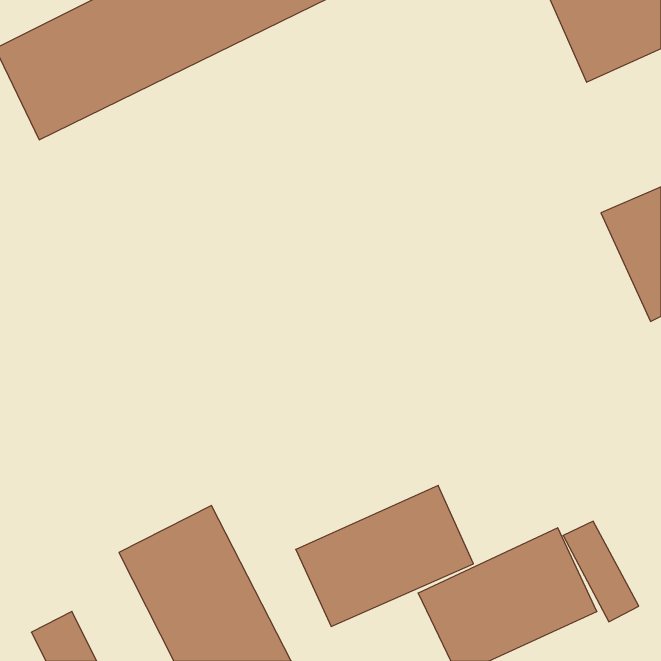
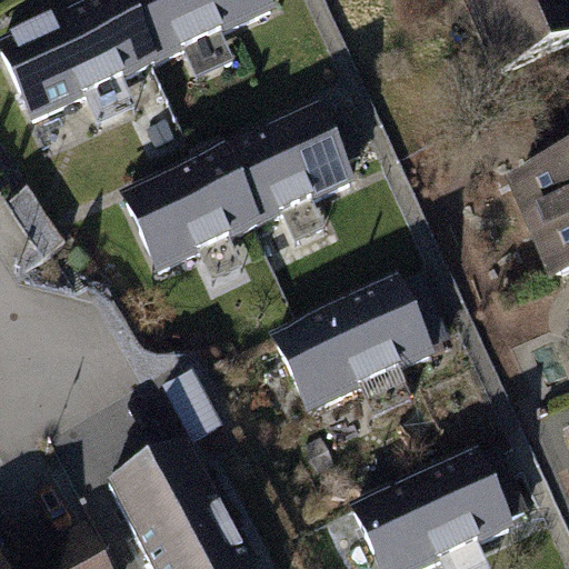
building: none -> [122,104,350,273]
building: [296,485,473,626] -> [282,284,433,405]

